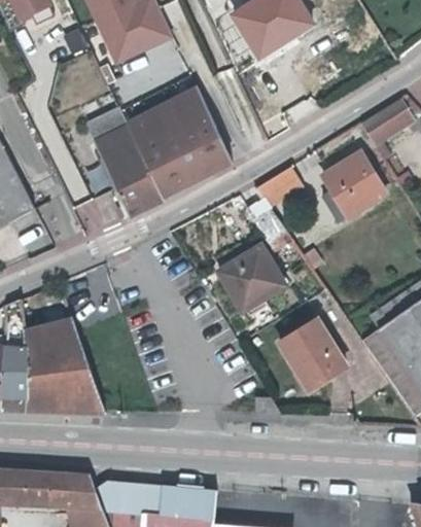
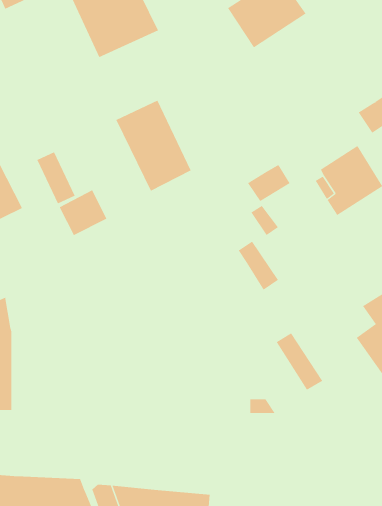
building: [167,90,231,175] -> none
building: [87,112,162,216] -> none
building: [218,253,270,309] -> none
building: [25,320,105,412] -> none
building: [297,320,349,381] -> none

